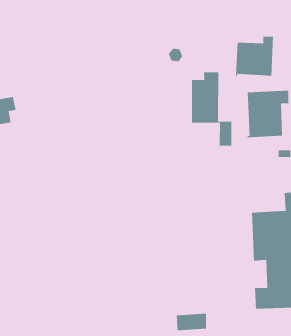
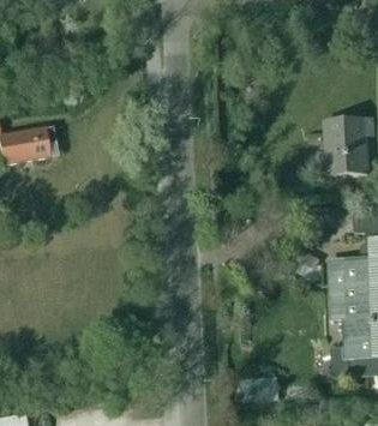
building: [235,36,274,76] -> none
building: [191,71,232,146] -> none

